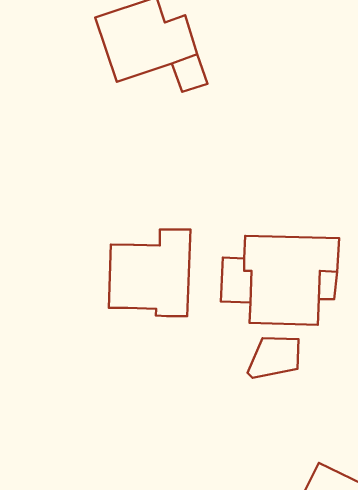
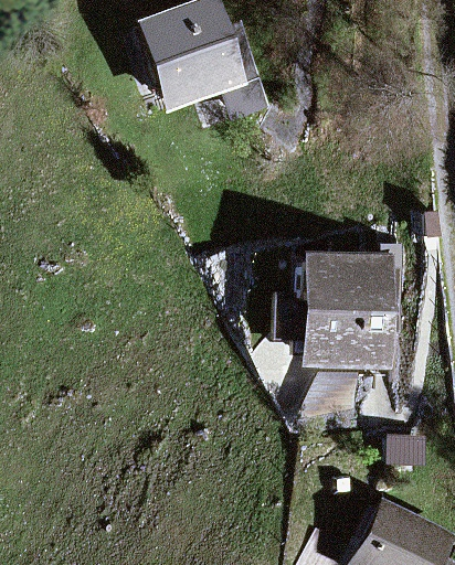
building: [109,229,190,316] -> none

